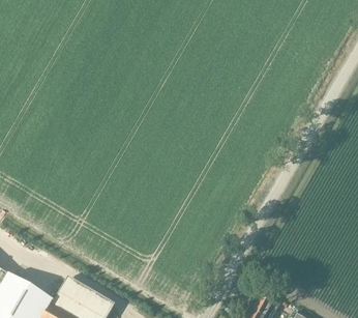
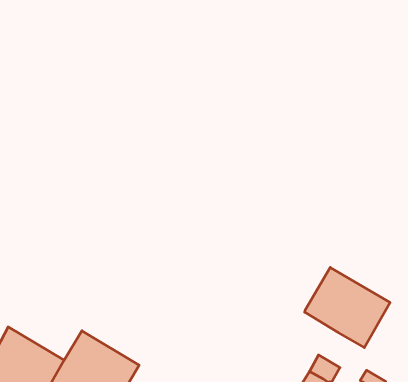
building: none -> [305,267,390,348]

